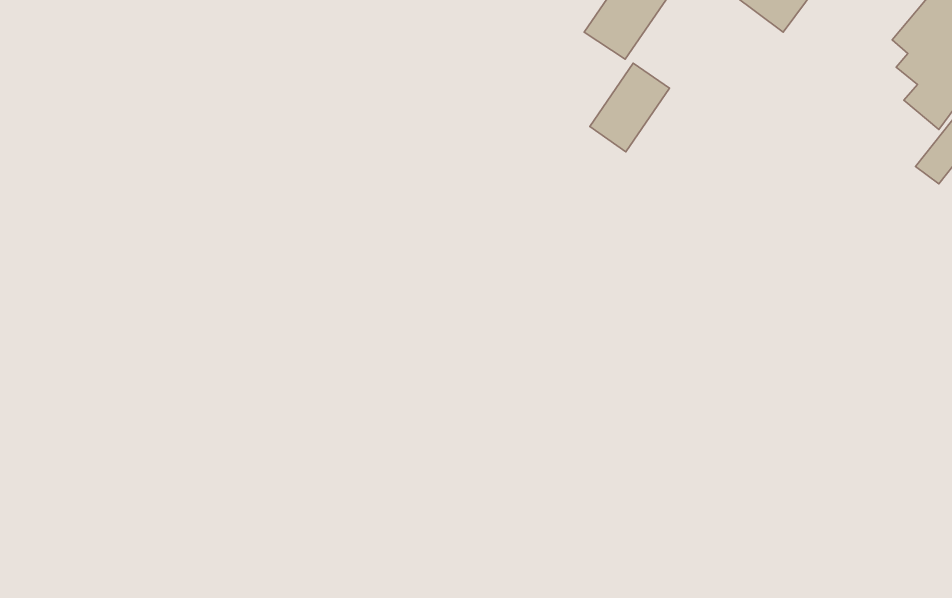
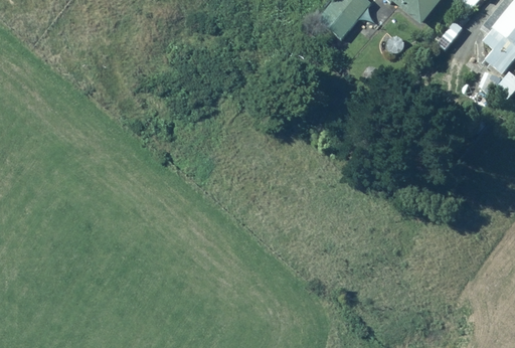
building: [590,63,669,152] -> none

